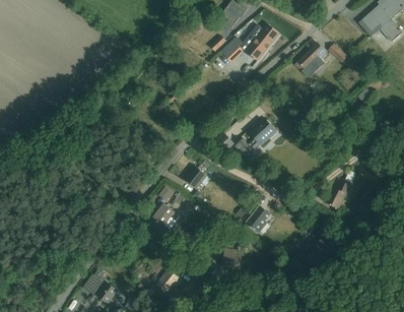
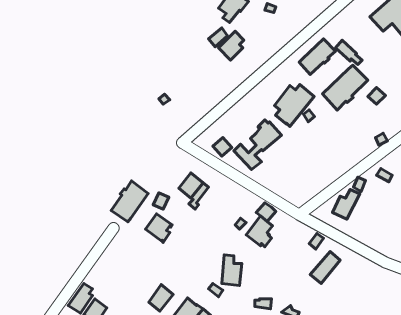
building: [243,22,279,61] -> [274,84,314,126]
building: none -> [322,65,368,110]
building: none -> [111,181,148,222]

